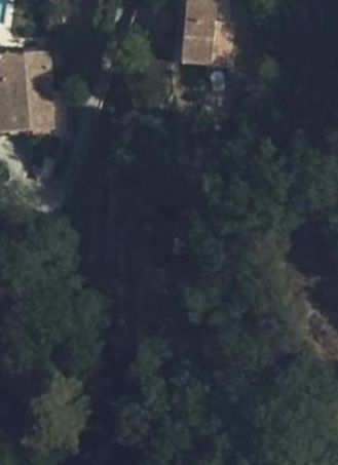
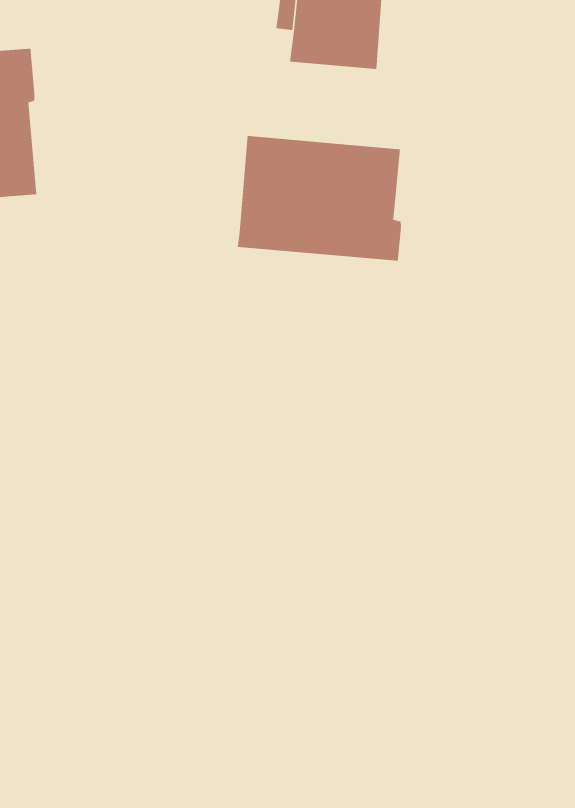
building: none -> [237,135,401,261]

